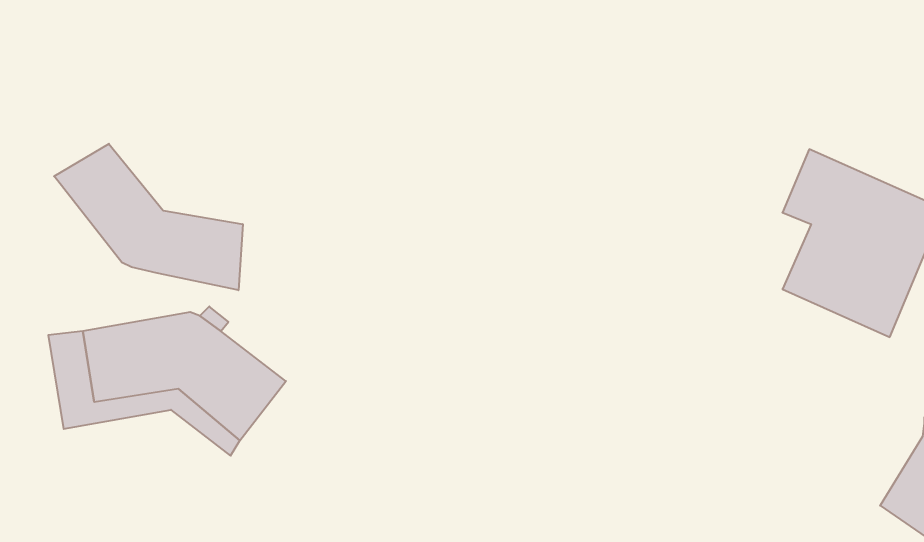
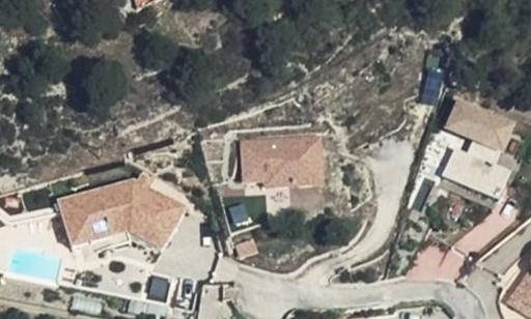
building: [54,144,243,290] -> none
building: none -> [252,132,337,204]

